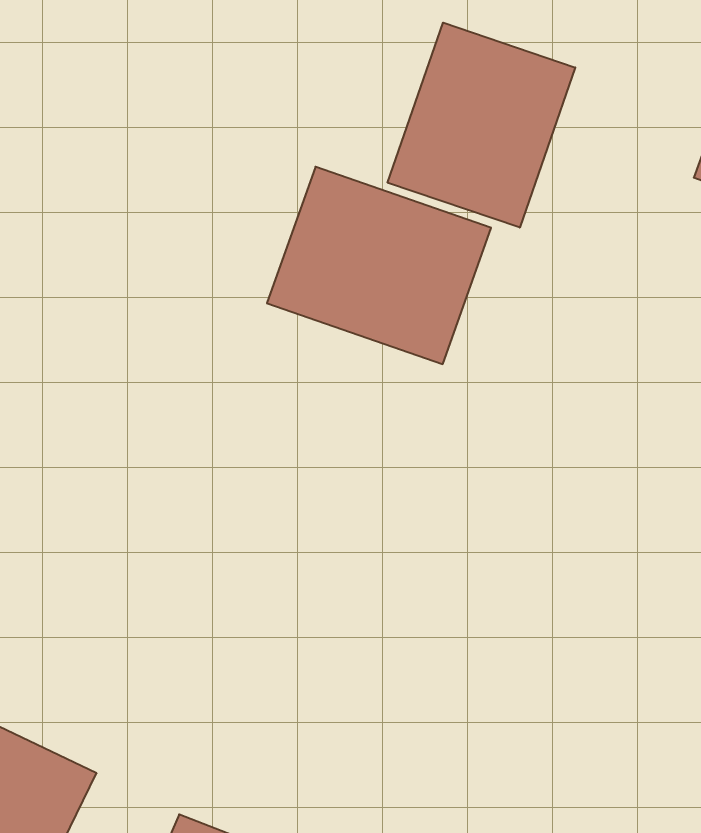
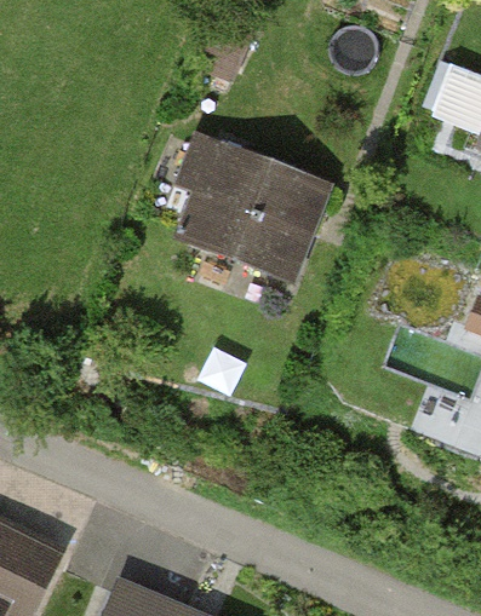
building: [388,23,575,228] -> none

